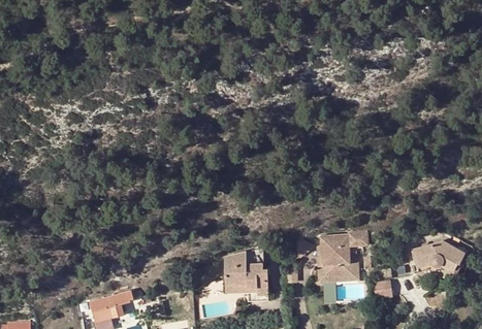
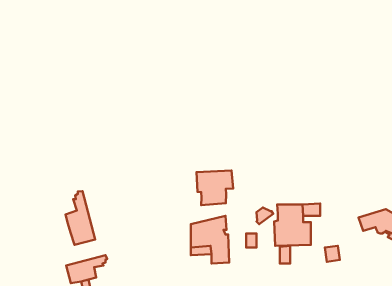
building: none -> [197,170,233,205]
building: none -> [65,191,95,245]

